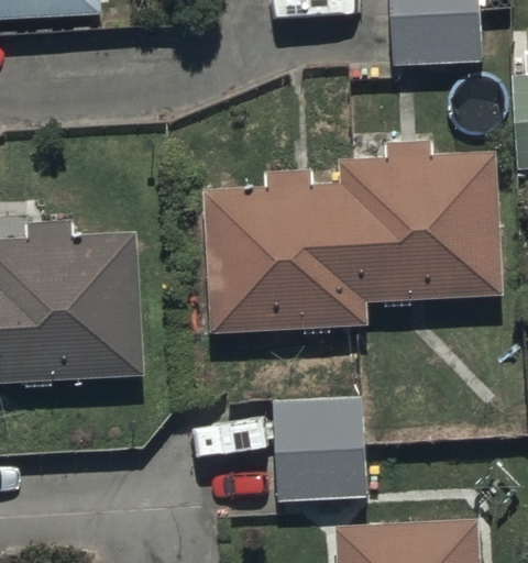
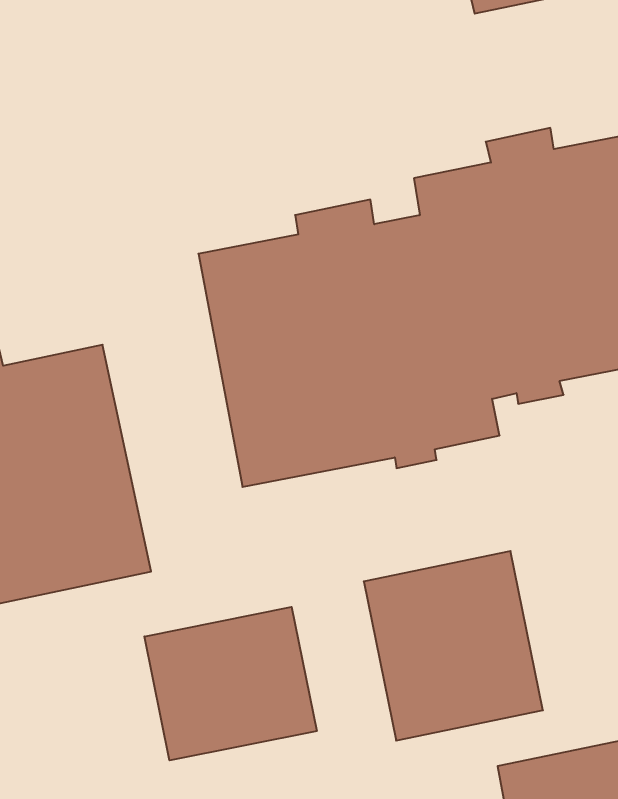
building: none -> [144,607,317,760]

